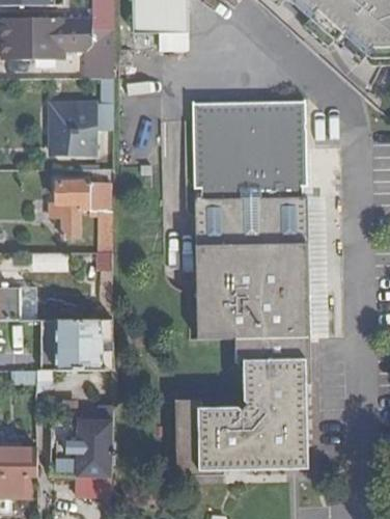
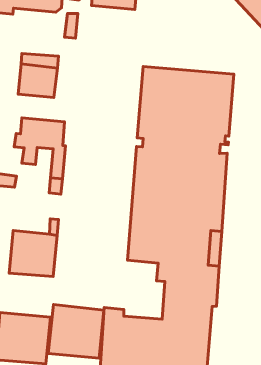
building: none -> [48,304,104,358]

